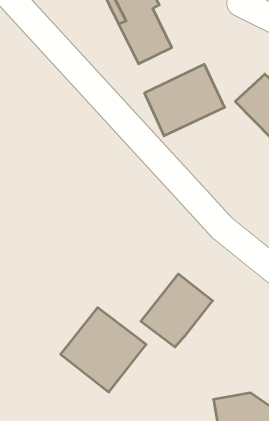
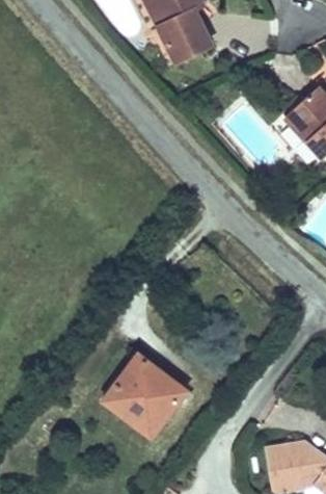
building: [145,64,225,136] -> none
building: [141,274,213,347] -> none

